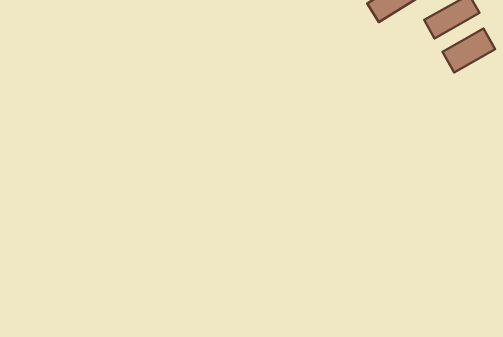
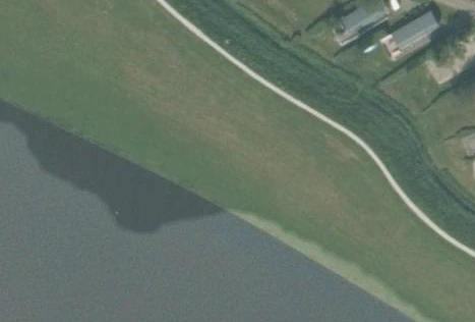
building: [442,29,495,72] -> none

